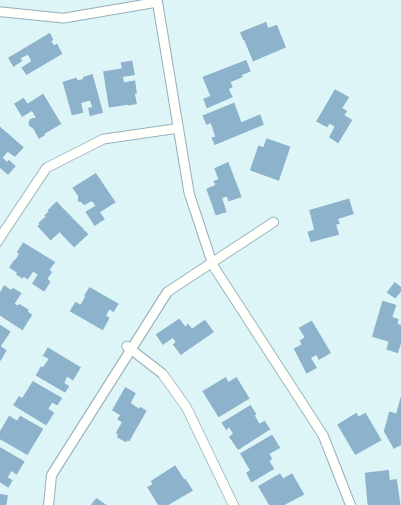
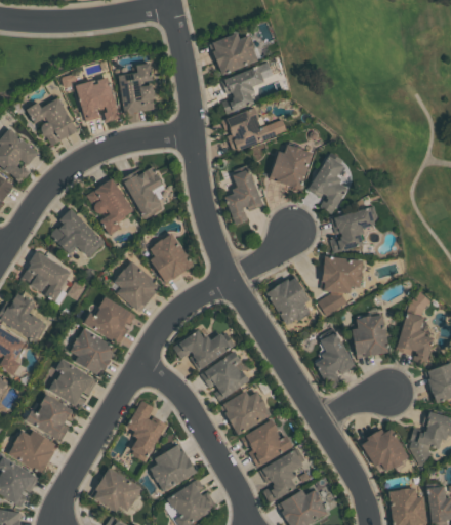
building: [239,21,287,63] -> [208,32,258,75]
building: [7,31,64,76] -> none
building: [315,88,353,145] -> [307,155,347,213]
building: none -> [122,165,163,218]
building: none -> [149,233,193,283]
building: none -> [317,255,363,315]
building: none -> [114,259,161,312]
building: none -> [266,276,311,326]
building: none -> [352,314,388,357]
building: none -> [70,327,117,375]
building: none -> [200,350,249,401]
building: none -> [150,444,197,491]
building: none -> [93,467,141,512]

